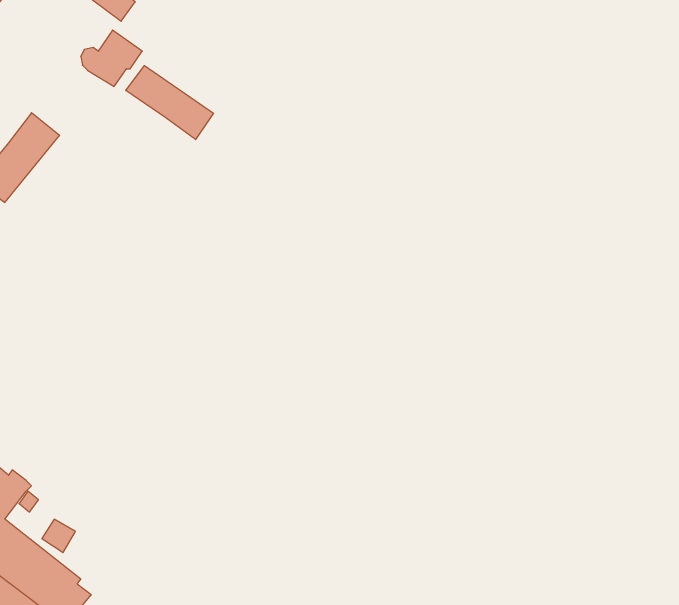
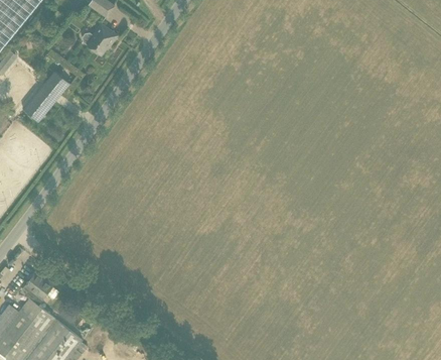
building: [126,66,214,140] -> none

